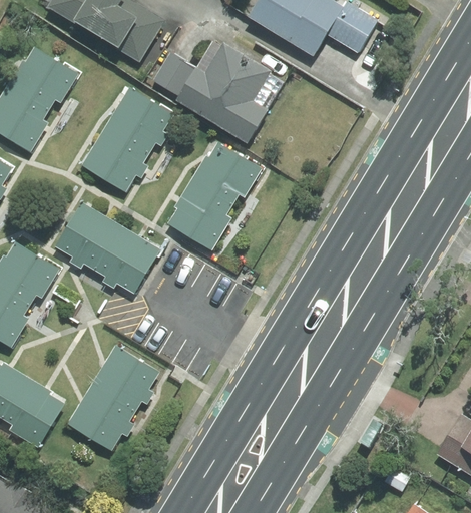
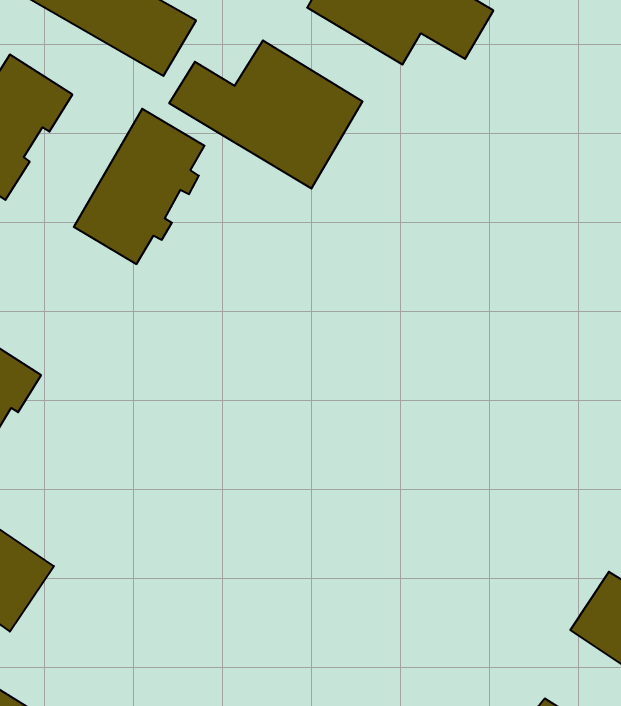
building: [168,146,260,248] -> none
building: [54,203,158,293] -> none
building: [64,345,157,454] -> none

